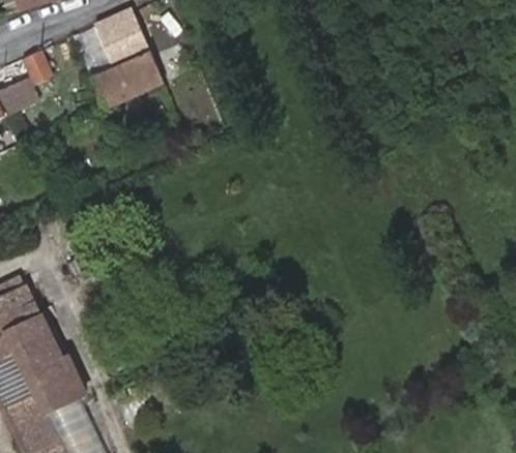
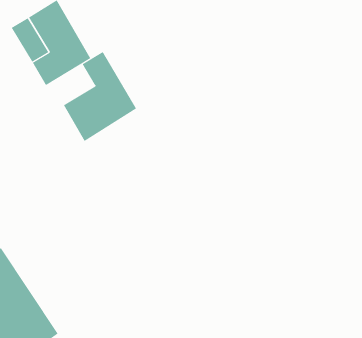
building: none -> [63,51,137,142]

